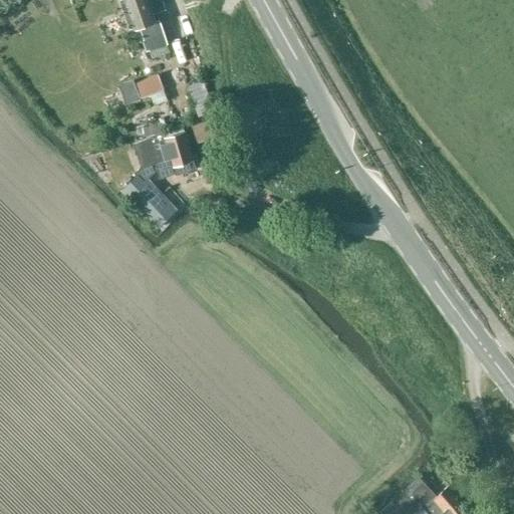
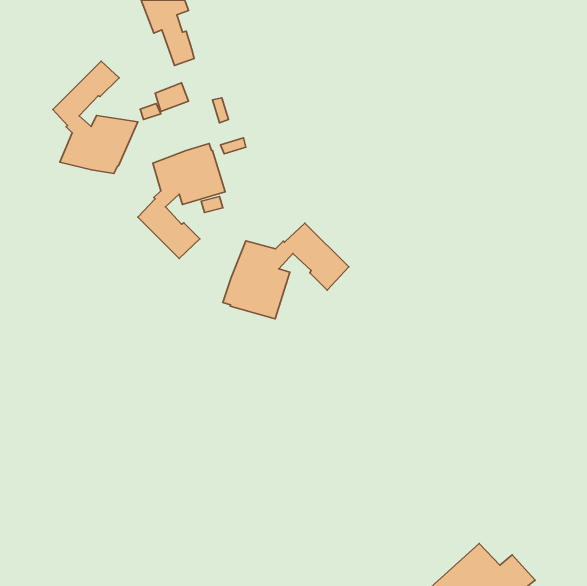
building: none -> [53,61,138,173]
building: none -> [223,223,349,319]

